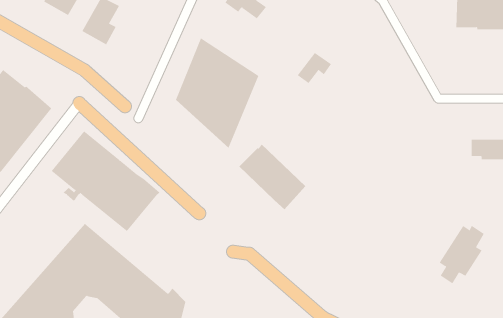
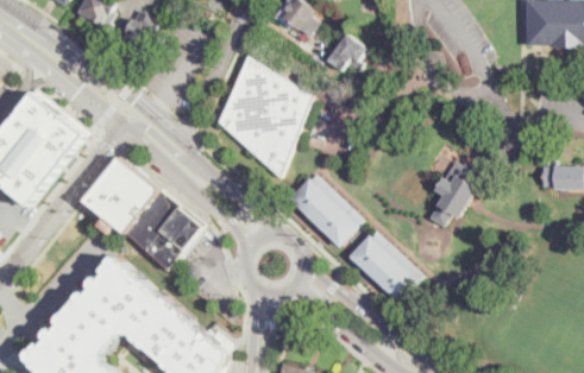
building: [297,52,332,84] -> [325,36,363,70]
building: none -> [347,229,421,301]
building: [439,225,485,284] -> [426,162,476,226]

